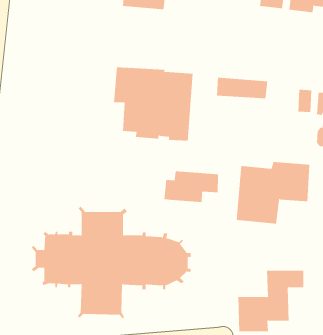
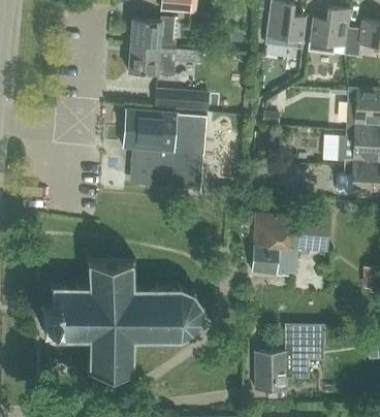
building: none -> [129,45,177,77]
building: [216,77,268,99] -> [154,88,209,110]
building: [164,171,219,203] -> none

